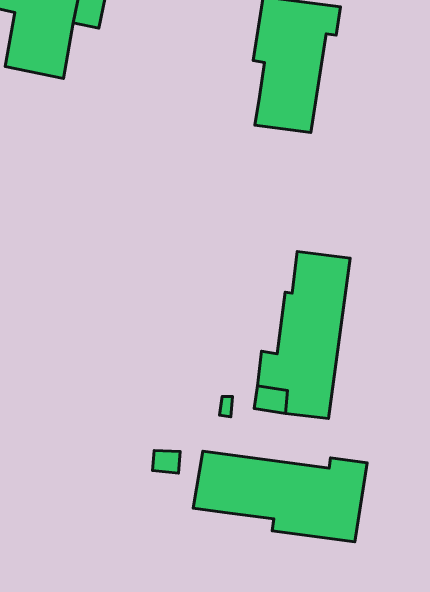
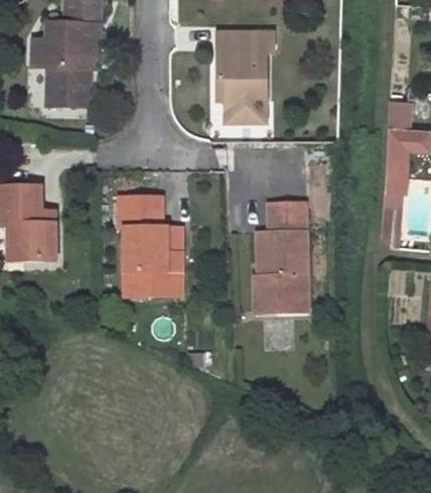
building: none -> [120,198,181,296]
building: [193,451,367,542] -> none

